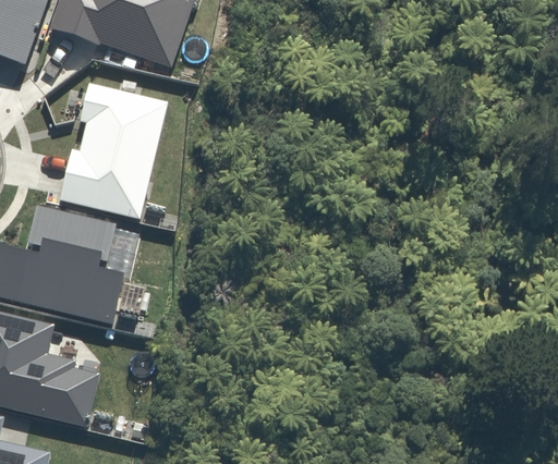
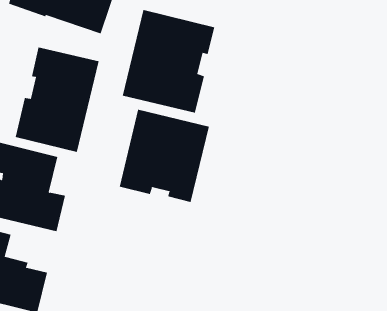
building: none -> [122,9,215,113]
building: none -> [119,109,210,203]

